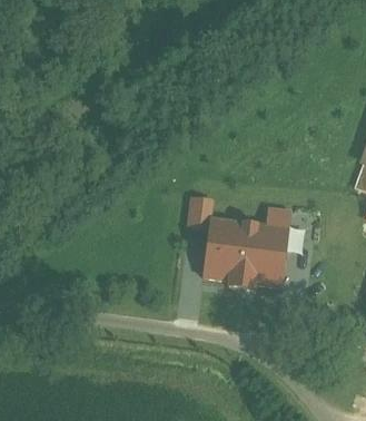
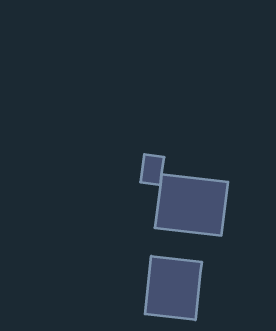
building: none -> [145,256,202,320]

